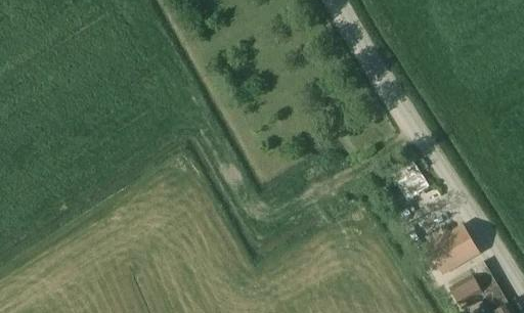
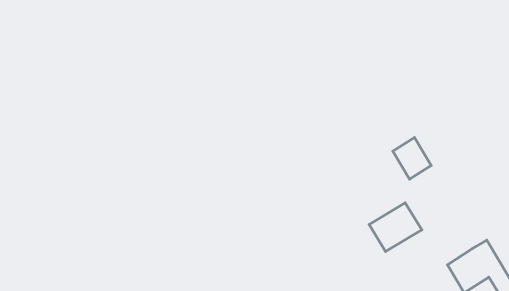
building: [426,227,478,275] -> [369,203,422,251]

